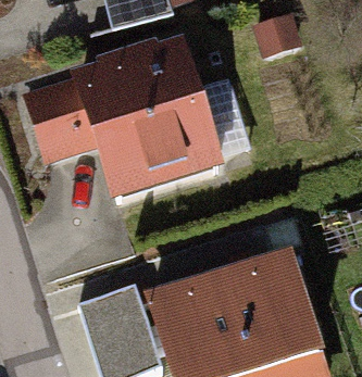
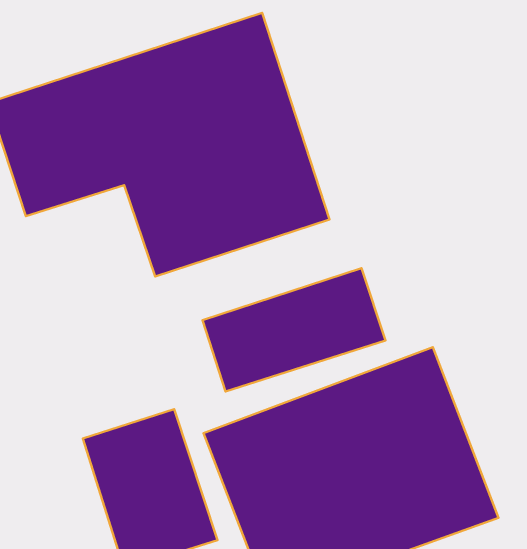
building: none -> [203,268,385,391]

